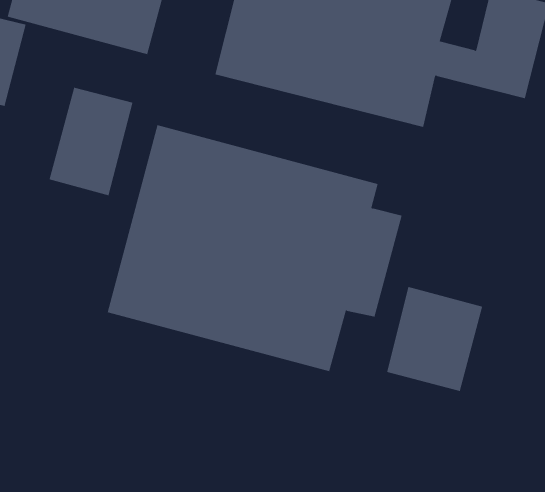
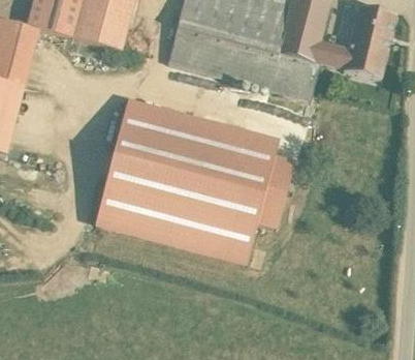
building: [49,87,133,196] -> none
building: [387,286,483,392] -> none

